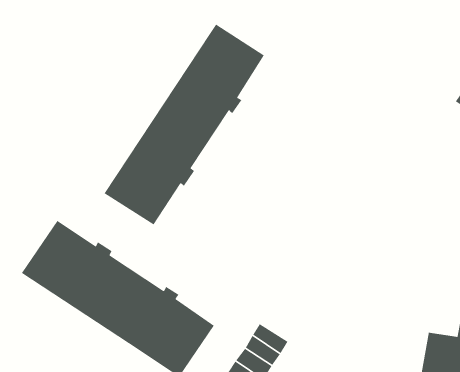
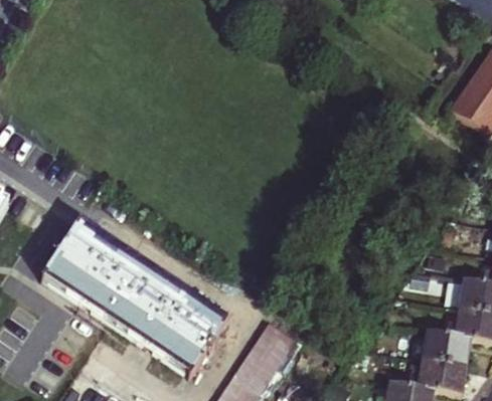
building: [104,24,265,225] -> none

